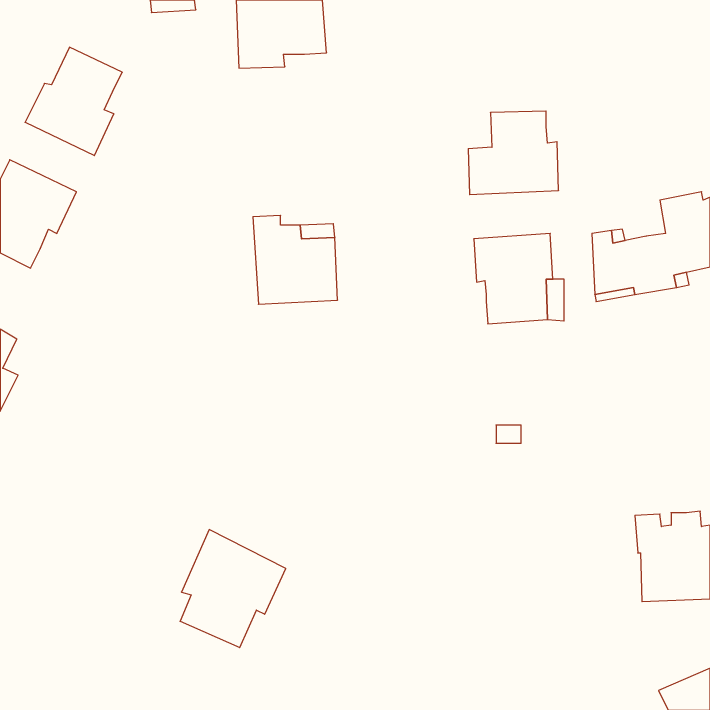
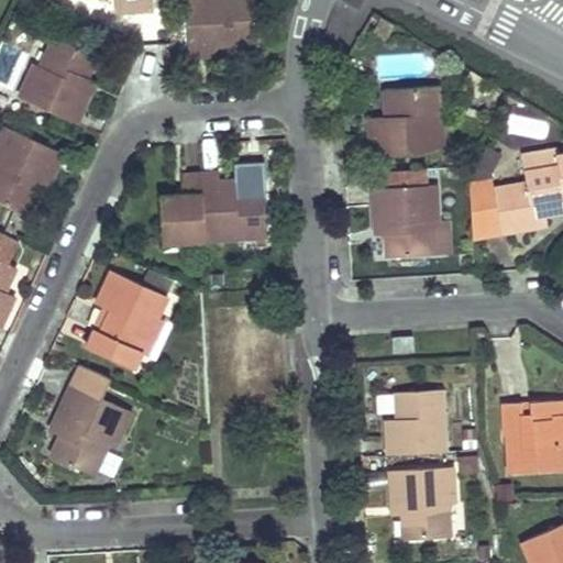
building: none -> [163,172,205,242]
building: none -> [87,271,169,362]
building: none -> [387,390,446,455]
building: [180,530,286,648] -> [49,380,133,474]
building: none -> [388,471,452,540]

